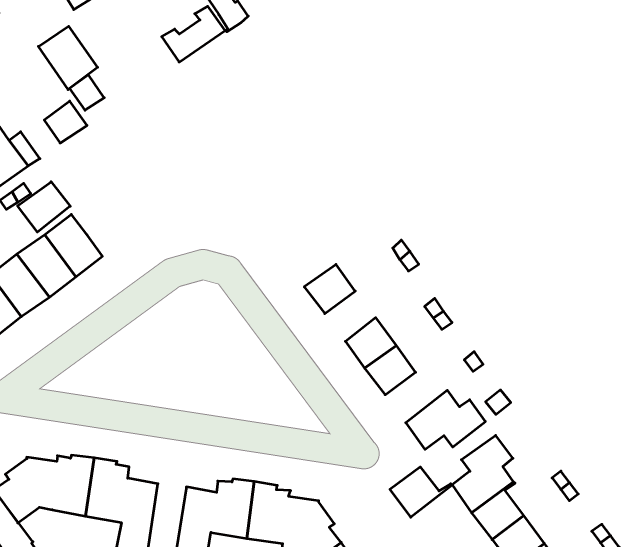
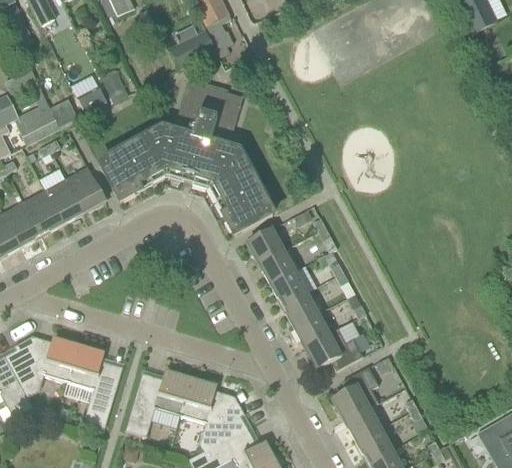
building: [38,26,98,90] -> none
building: none -> [98,80,273,234]
building: [18,182,70,232] -> none
building: none -> [259,249,295,284]
building: [390,467,452,517] -> [294,313,339,348]

